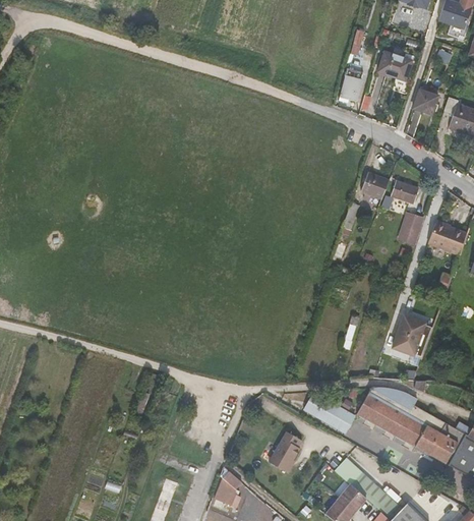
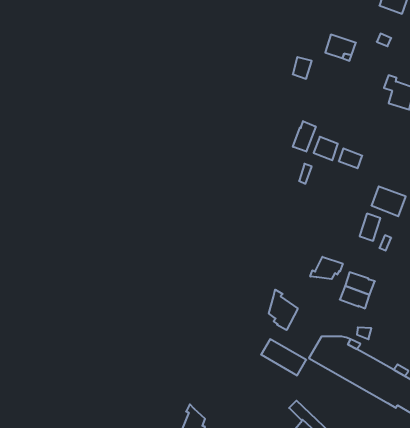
building: [412,90,438,115] -> none
building: none -> [293,121,316,152]
building: [400,213,423,243] -> [360,214,380,241]
building: none -> [310,257,343,279]
building: none -> [269,290,298,330]
building: [271,433,303,474] -> none

